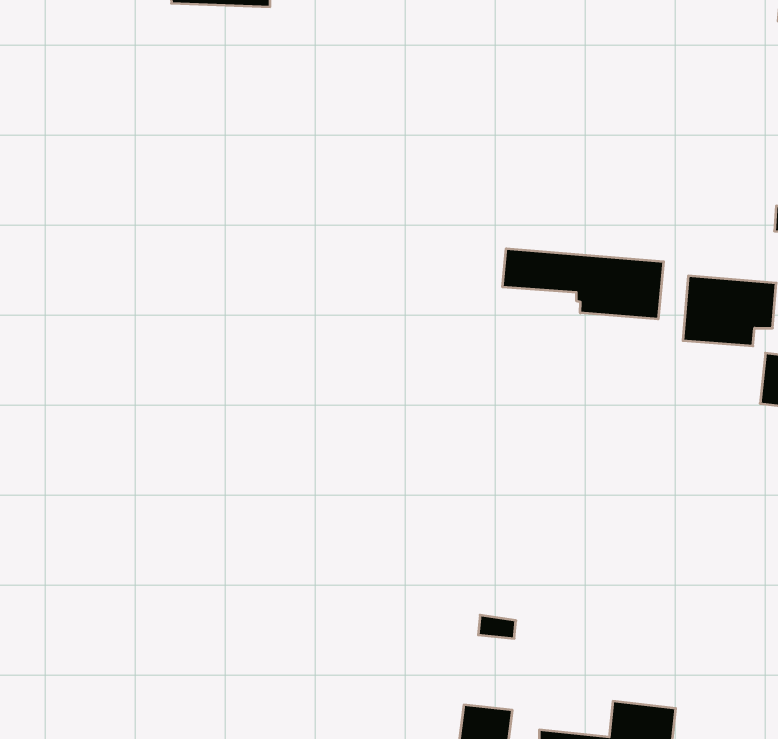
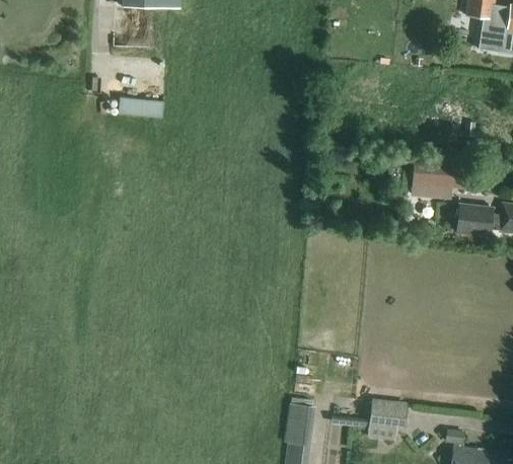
building: none -> [119,95,166,117]
building: [503,249,664,319] -> none

